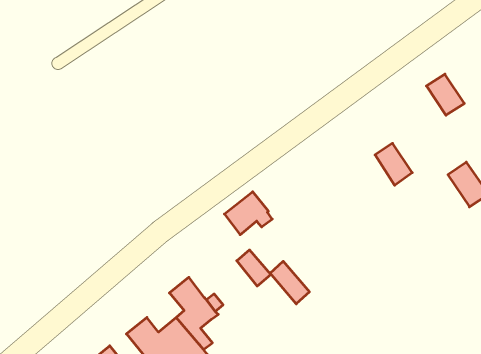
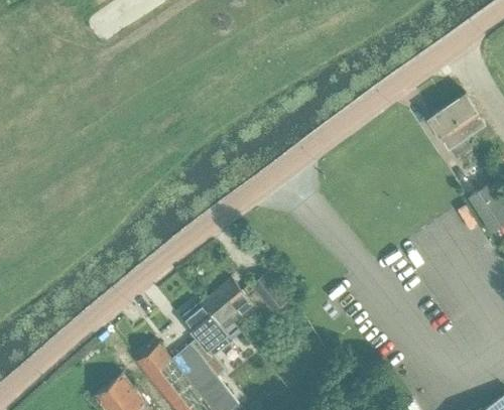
building: [375,143,412,185] -> [428,107,467,150]
building: [224,192,272,235] -> [202,281,251,325]
building: [270,261,309,304] -> none

